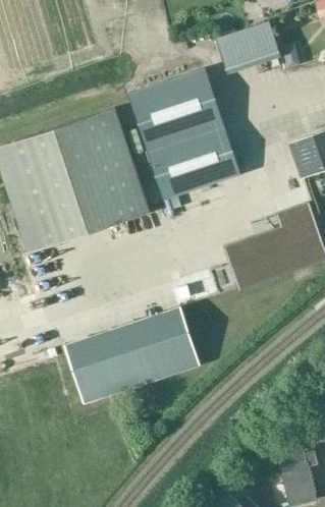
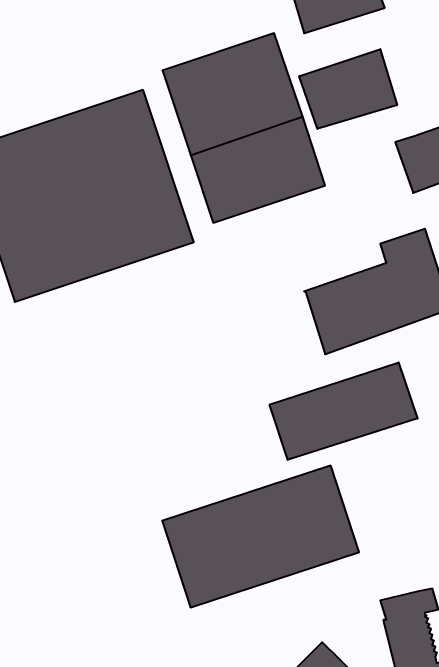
building: none -> [299,49,397,129]
building: none -> [270,362,418,460]
building: [64,306,199,403] -> [162,466,359,607]

